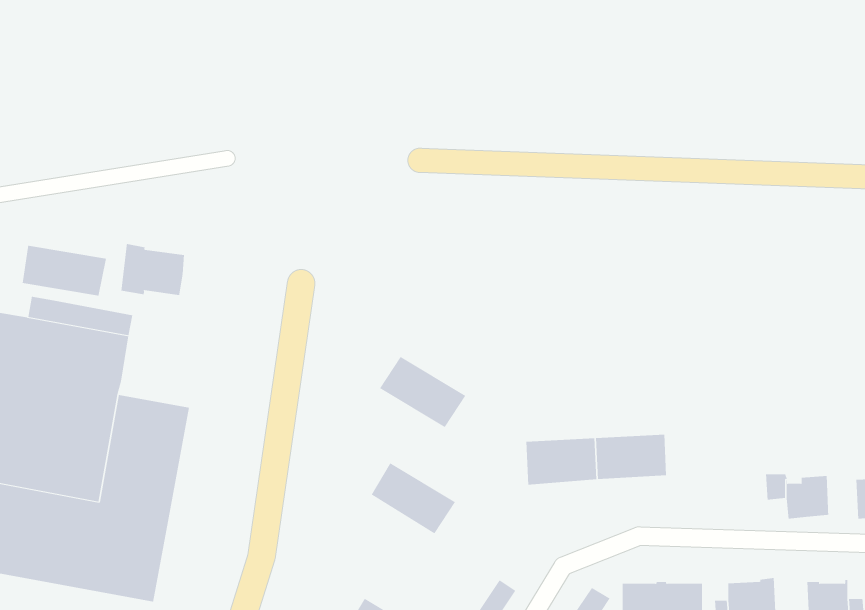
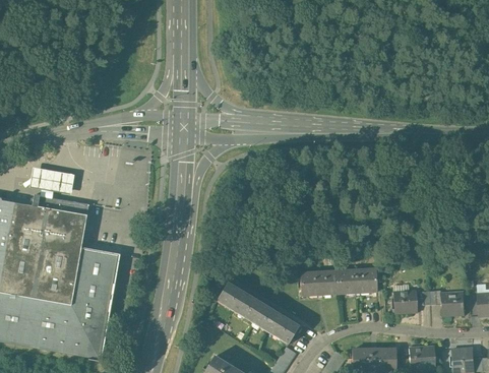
building: [121,243,184,298] -> none
building: [379,356,466,428] -> [251,305,298,344]
building: none -> [392,291,423,311]

